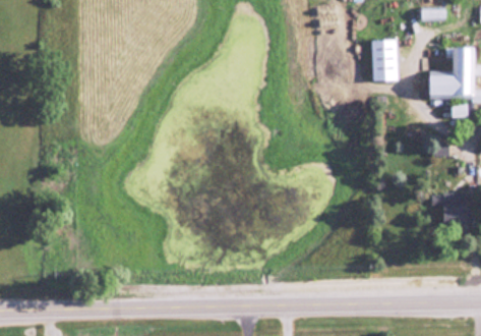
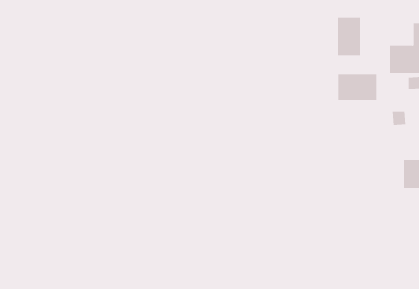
building: none -> [338,73,377,101]

